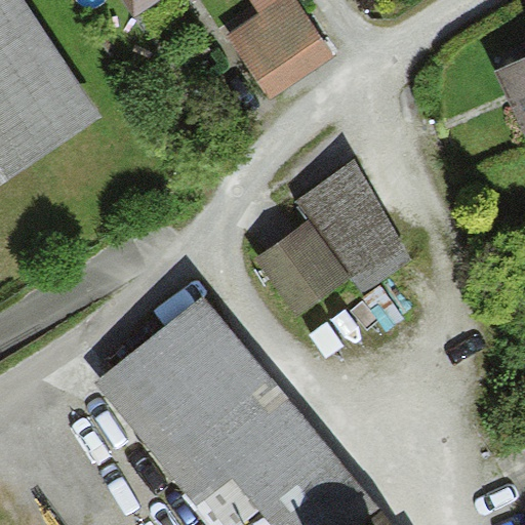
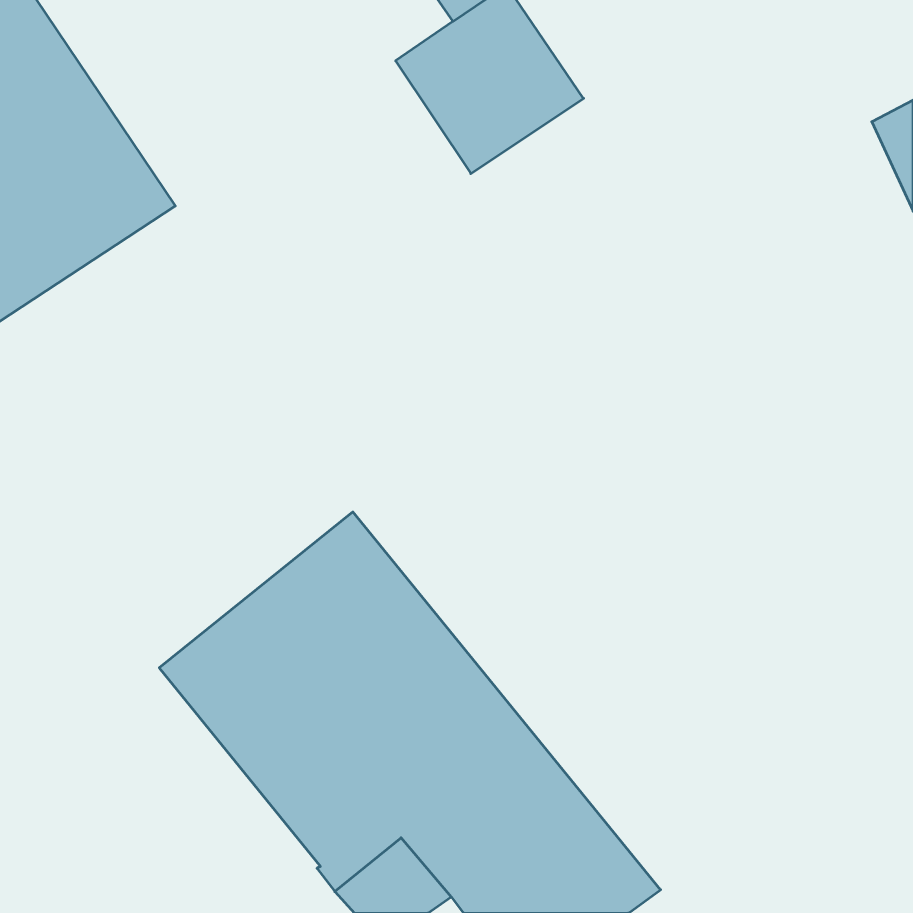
building: [297,160,412,288] -> none
building: [254,219,348,315] -> none

